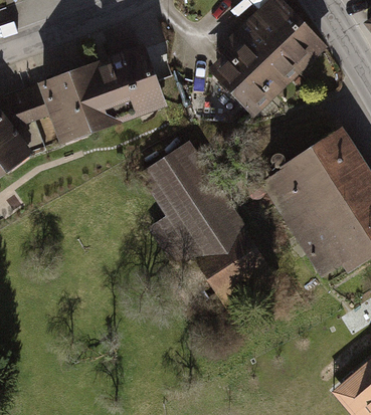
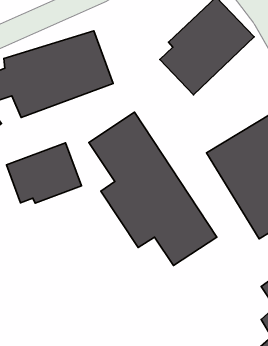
building: none -> [6,143,81,203]

